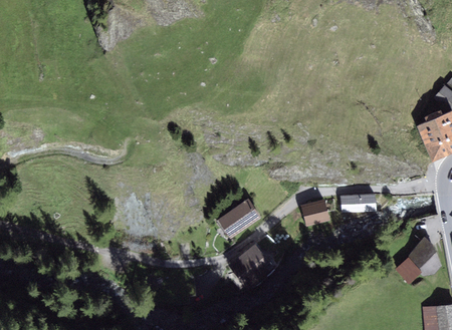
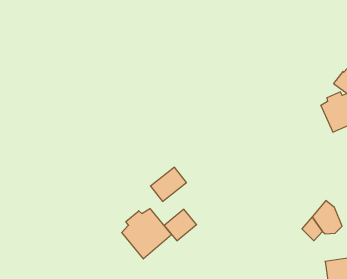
building: [340,194,377,213] -> none
building: [300,201,327,226] -> none
building: none -> [122,209,171,259]

